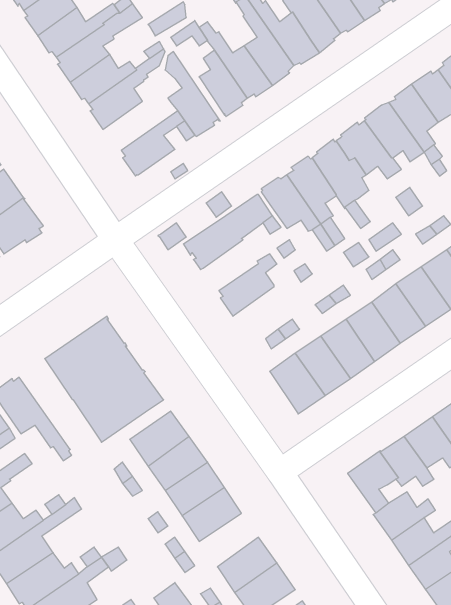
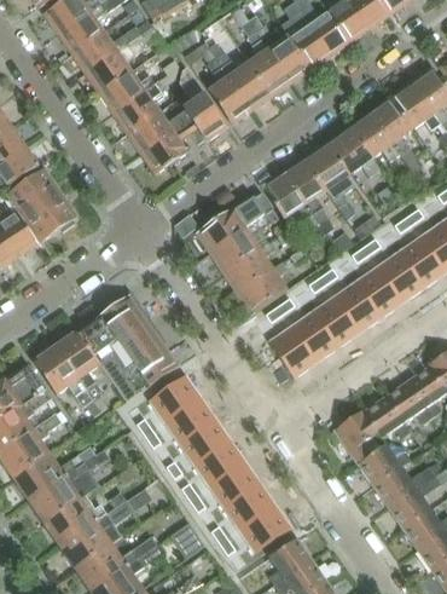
building: none -> [127,110,191,152]
building: none -> [213,229,260,275]
building: none -> [239,260,289,315]
building: none -> [56,329,105,408]
building: none -> [209,462,260,508]

